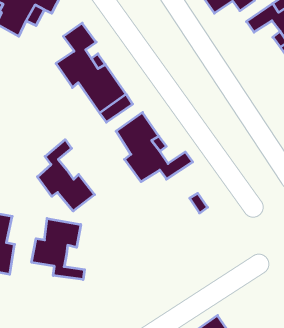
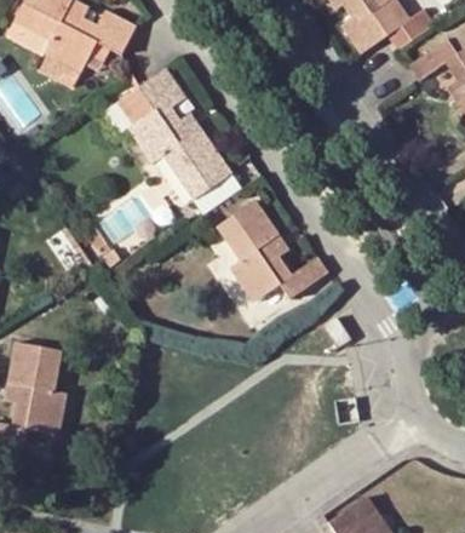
building: [37,140,95,211] -> none
building: [32,218,85,280] -> none

